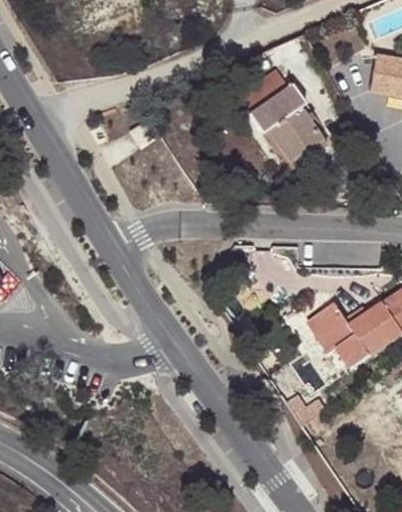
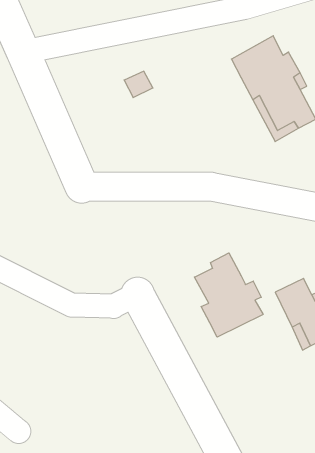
building: none -> [194,253,263,337]

